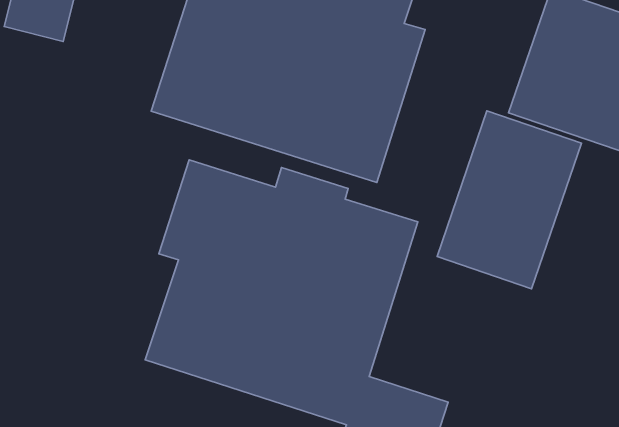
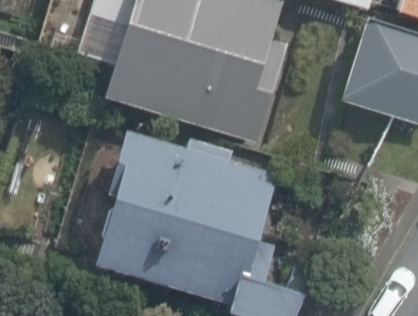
building: [437,111,581,289] -> none

